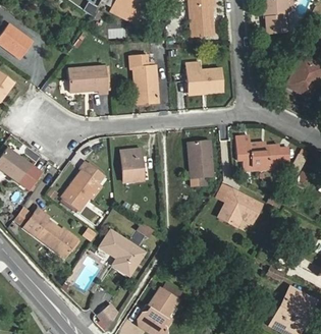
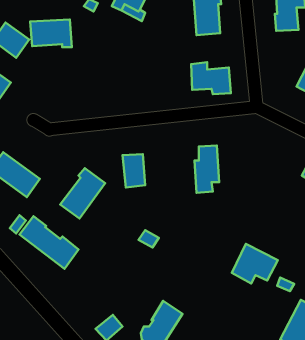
building: [128,55,158,103] -> none
building: [68,66,108,93] -> [30,19,72,47]
building: [236,135,279,170] -> none
building: [218,188,262,226] -> [232,244,278,284]
building: [100,230,143,274] -> none

